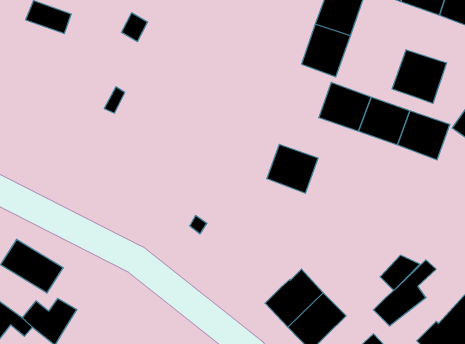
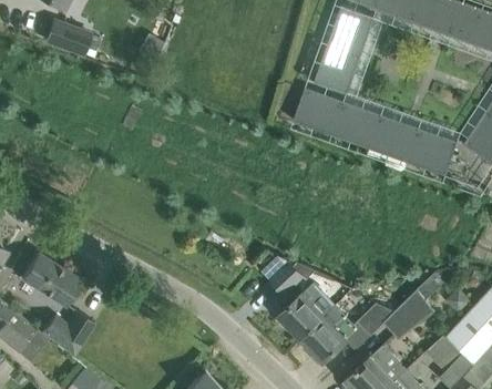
building: [392,50,447,103] -> none
building: [267,144,318,193] -> [293,88,342,135]
building: none -> [269,262,315,295]
building: [380,255,420,290] -> [357,301,396,336]

